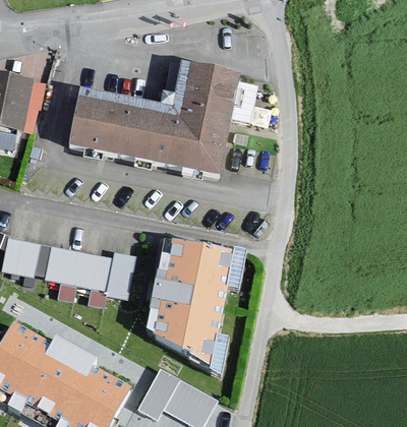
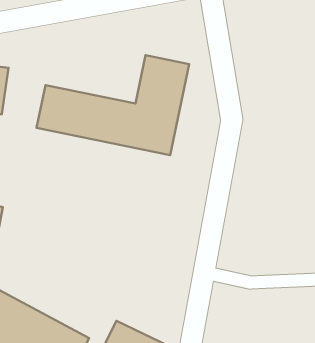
building: [37,238,127,292] -> none
building: [154,243,224,362] -> none

